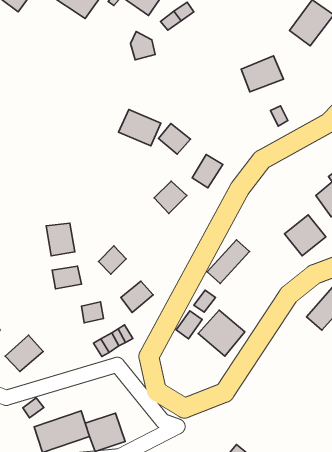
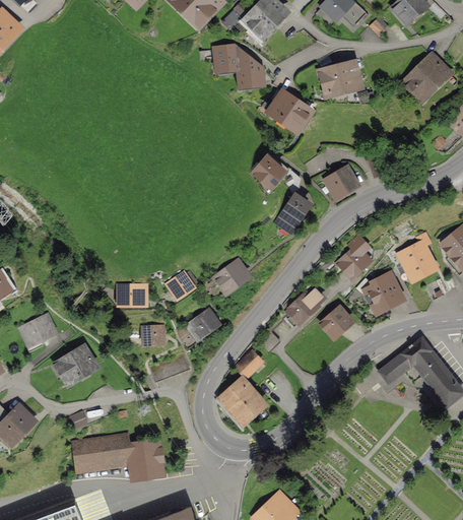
building: none -> [216,46,247,69]
building: [241,56,284,92] -> [320,62,361,94]
building: [119,110,161,146] -> [268,89,313,130]
building: none -> [318,168,359,206]
building: [154,181,187,213] -> [215,260,249,292]
building: none -> [339,241,375,276]
building: [46,223,75,256] -> none
building: none -> [317,303,353,338]
building: [198,310,245,356] -> [218,378,266,426]

